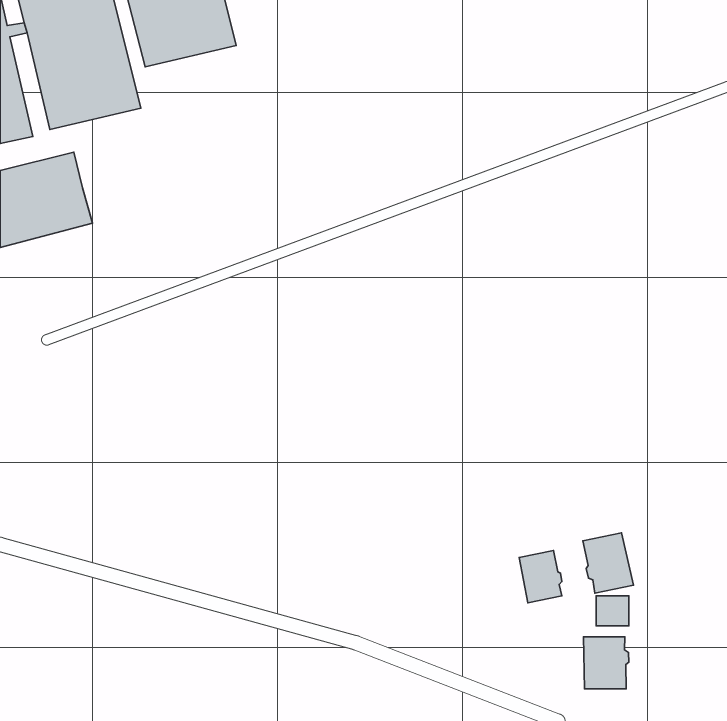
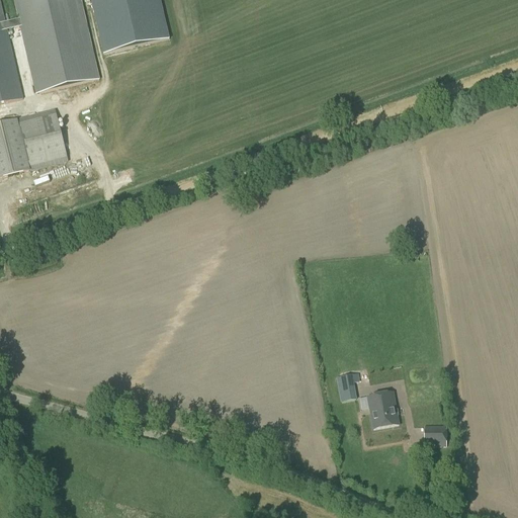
building: none -> [336,371,360,401]
building: [583,533,633,593] -> none
building: [583,637,629,689] -> none

